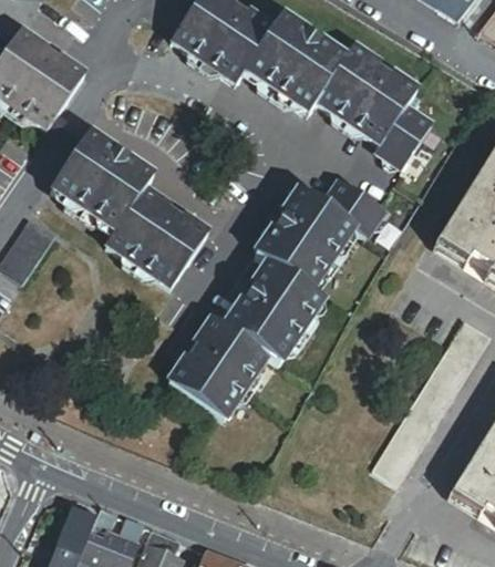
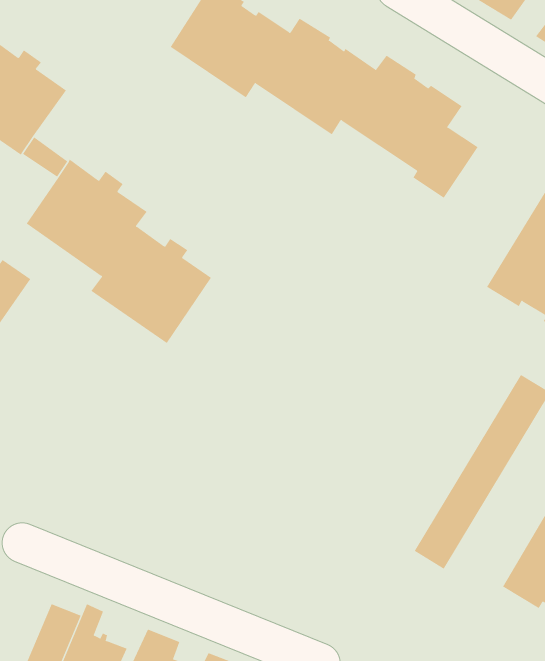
building: [168,181,382,421] -> none

